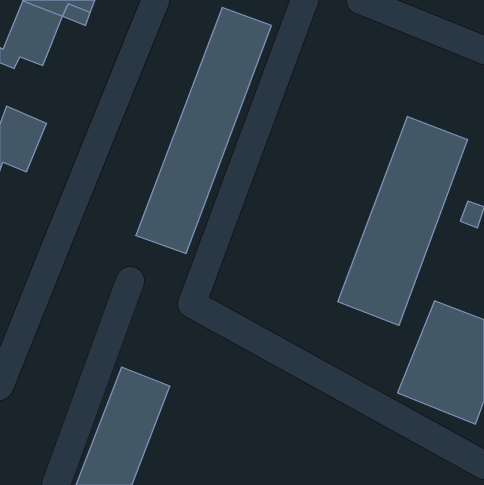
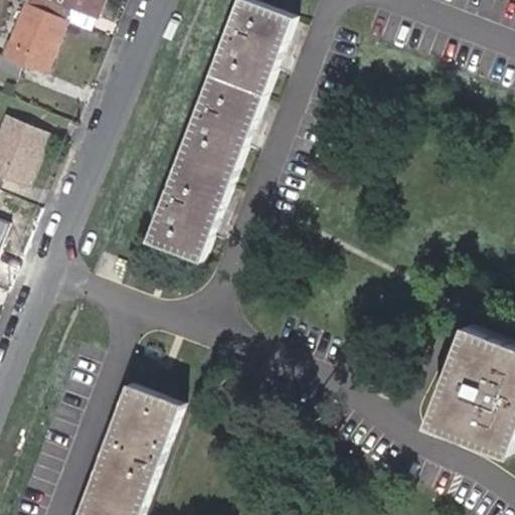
building: [338,116,468,325] -> none

